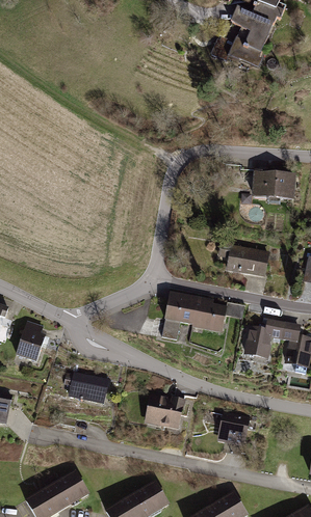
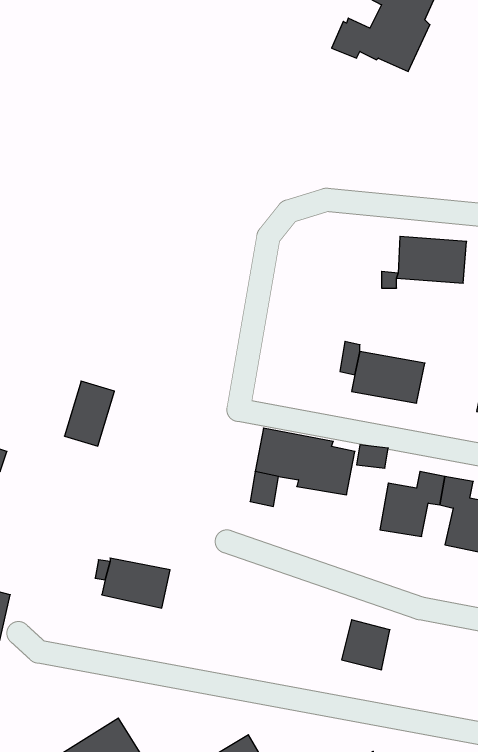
building: [16,320,47,360] -> [64,381,114,446]
building: [142,392,182,428] -> none

